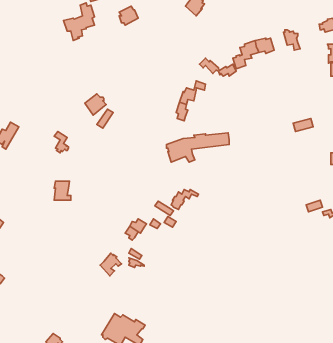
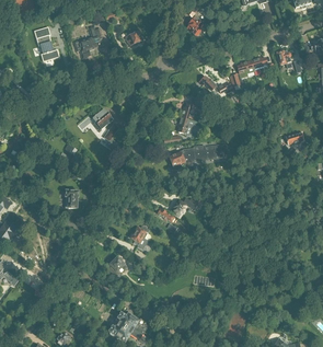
building: none -> [33,26,59,61]

